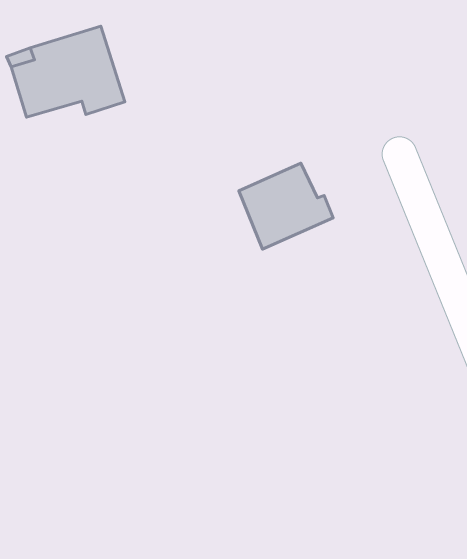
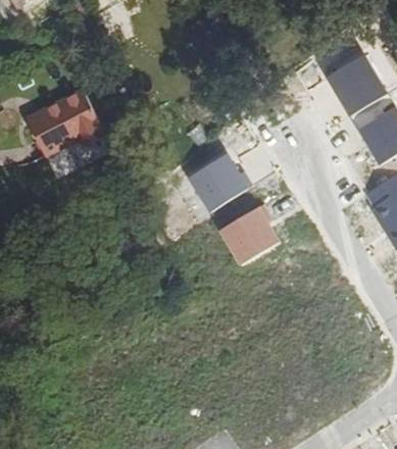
building: none -> [220,203,280,264]

